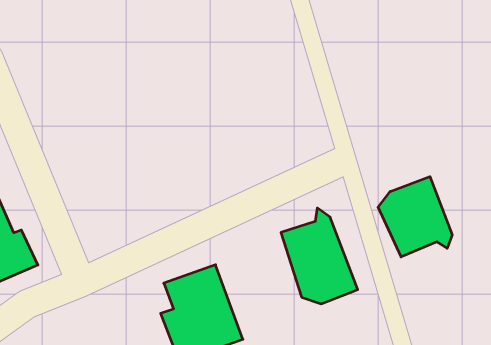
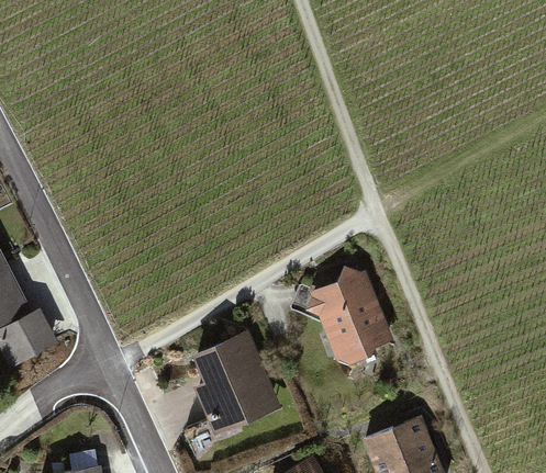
building: [378,177,452,257] -> none

